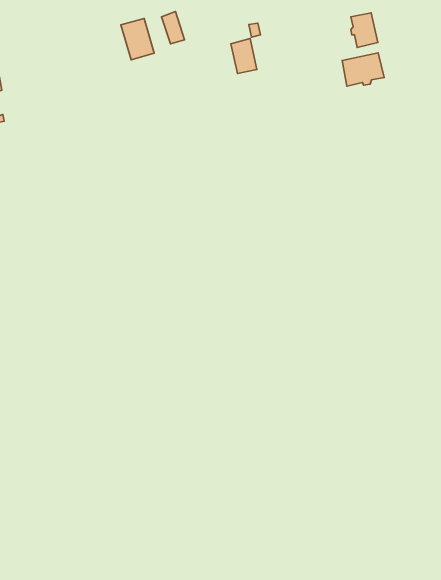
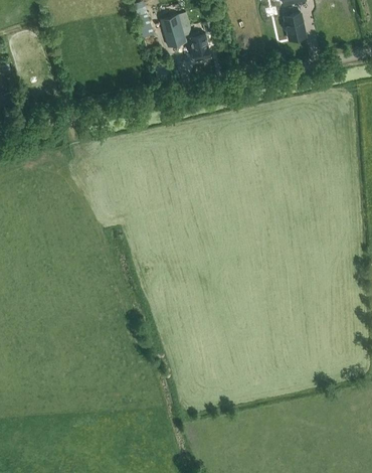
building: [121,18,154,60] -> [161,16,187,48]
building: [342,53,384,86] -> none

